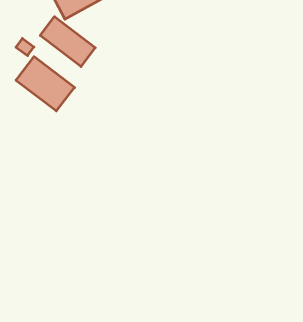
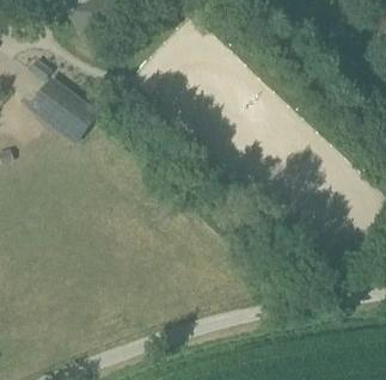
building: [40,17,95,67] -> none

